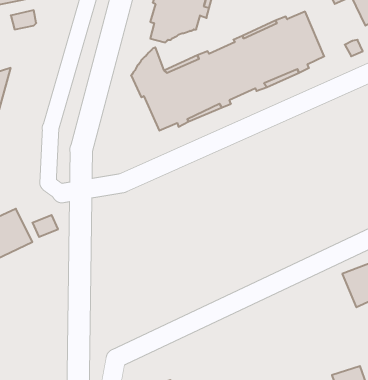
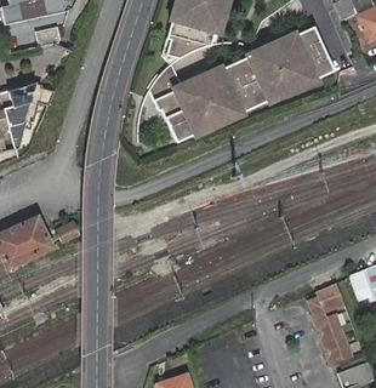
building: none -> [312,284,353,361]

